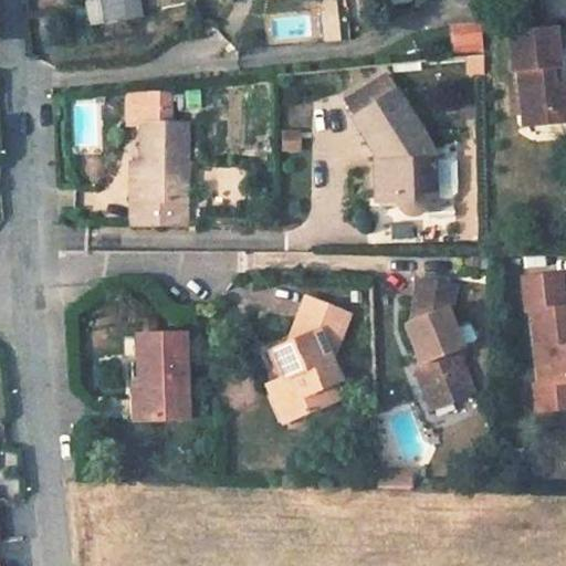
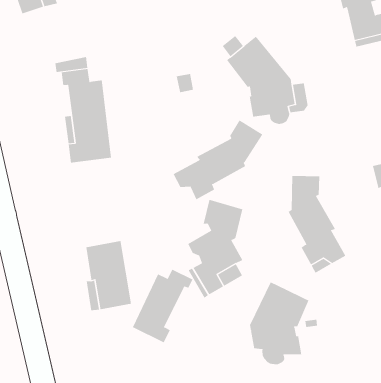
building: none -> [173,120,263,200]
building: none -> [132,269,193,343]
building: none -> [249,282,309,365]

